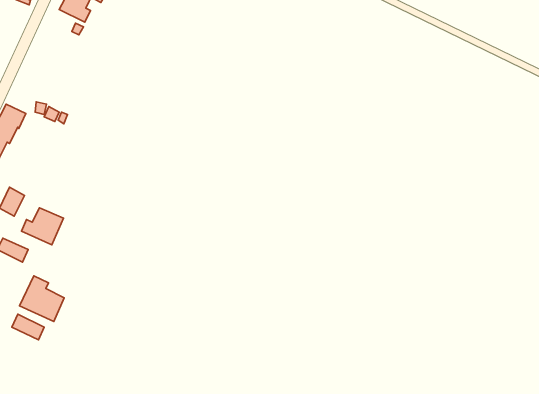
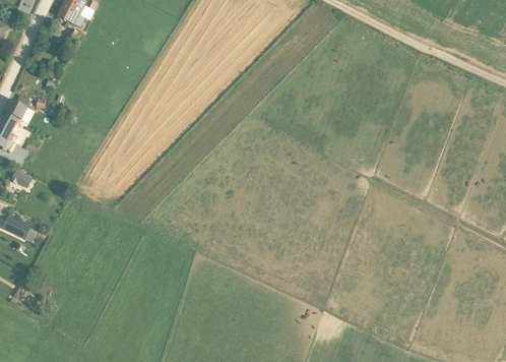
building: [21,208,63,245] -> none
building: [20,276,64,321] -> none

